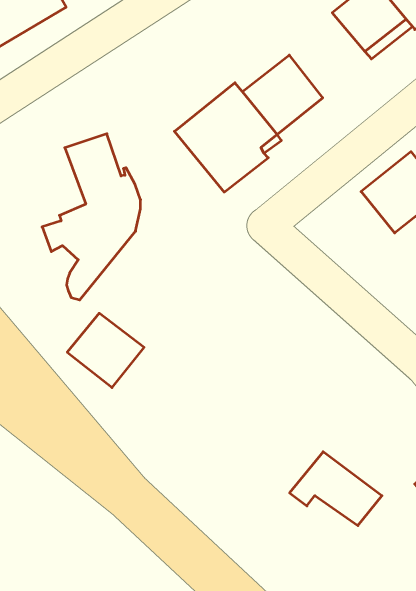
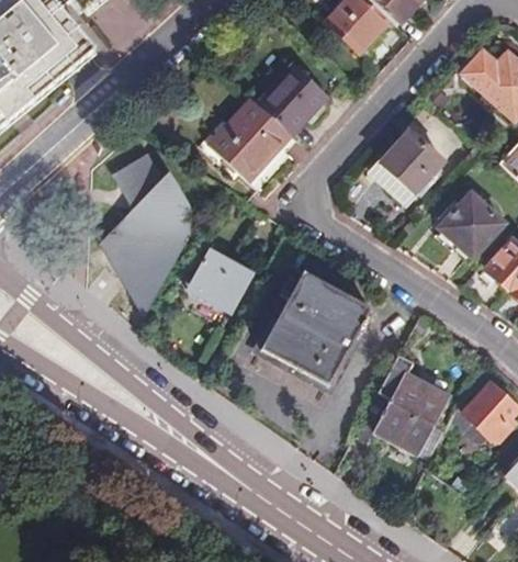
building: none -> [260,269,372,385]
building: [67,313,144,388] -> [188,250,252,312]
building: none -> [375,355,448,426]

